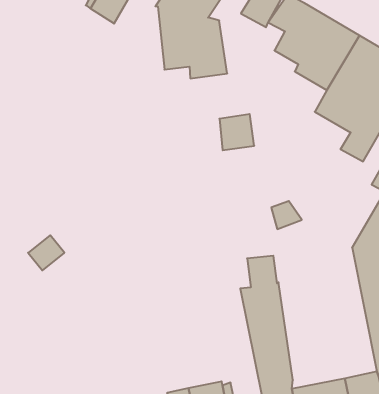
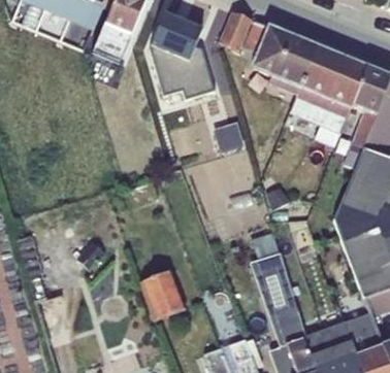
building: none -> [140,269,185,319]

